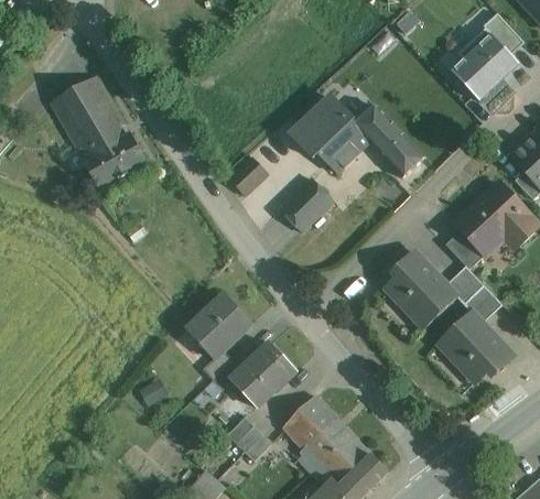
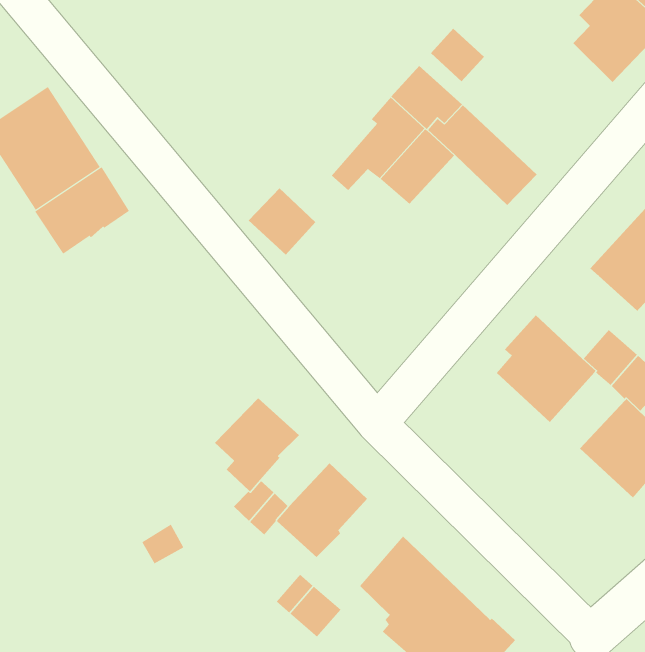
building: none -> [430,28,485,82]
building: [279,177,334,231] -> none
building: [445,229,485,269] -> none

